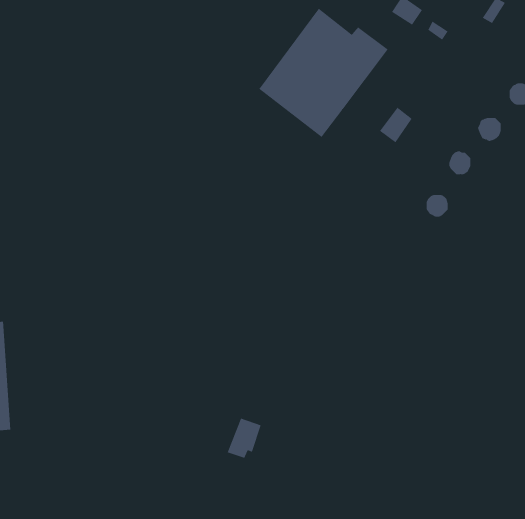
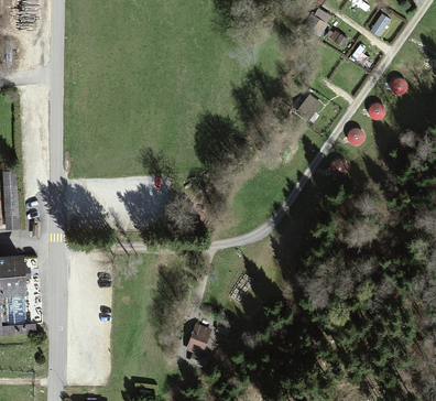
building: [258,8,388,138] -> none

